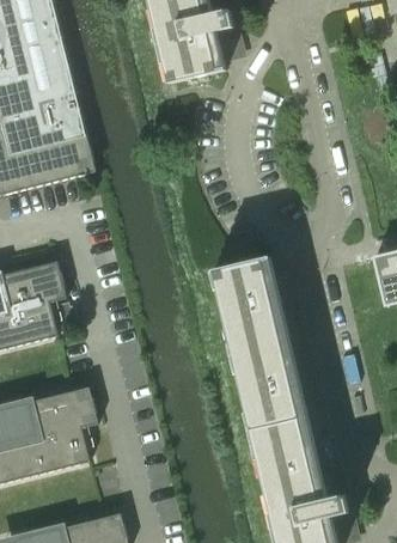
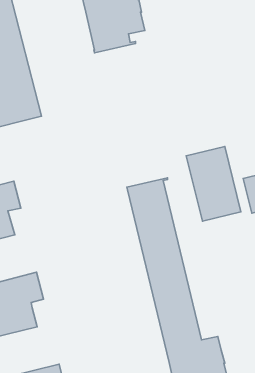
building: none -> [186,147,241,221]

